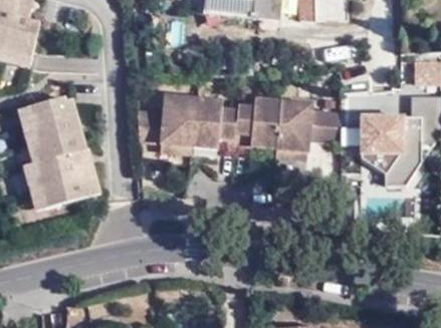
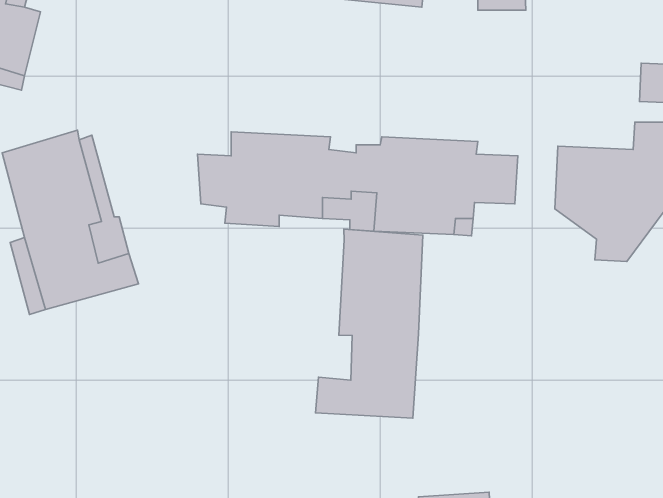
building: none -> [315,229,423,418]

